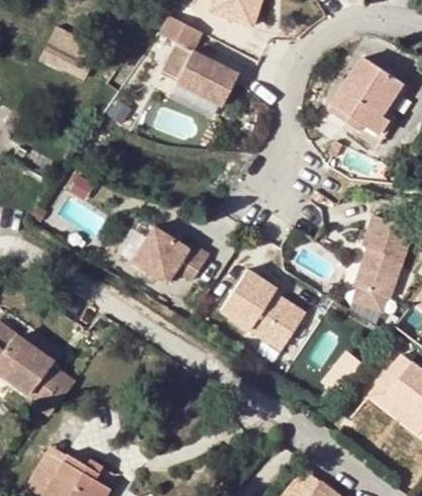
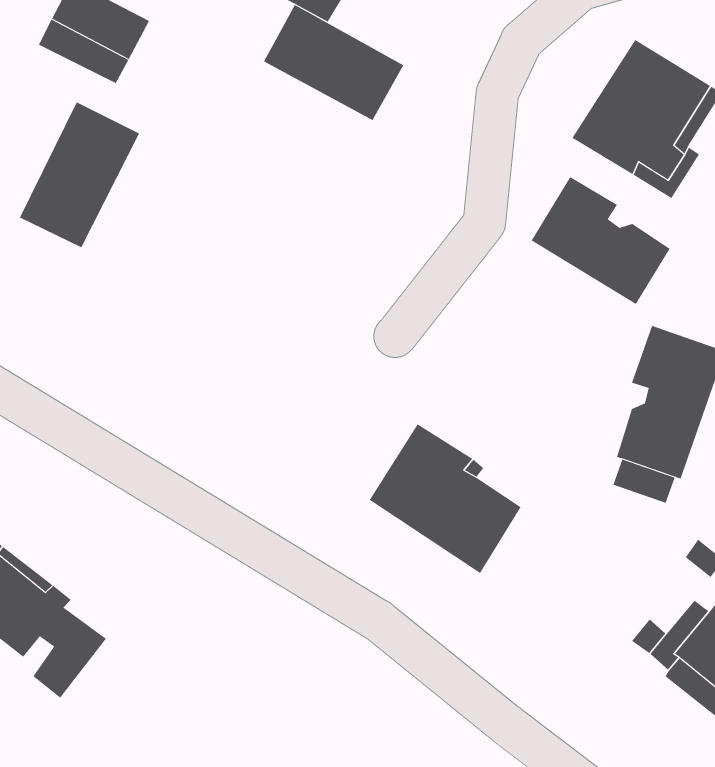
building: none -> [19,101,140,248]
building: none -> [531,176,671,305]
building: [131,223,209,281] -> none

